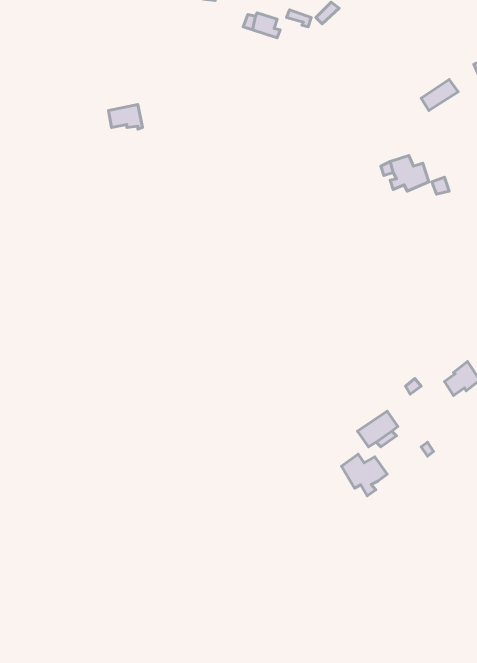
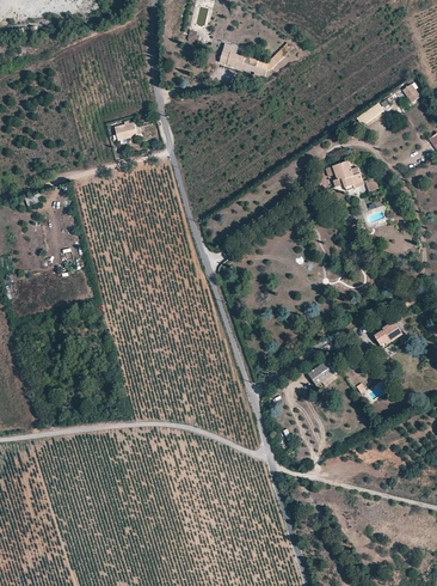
building: [341,454,387,496] -> none

